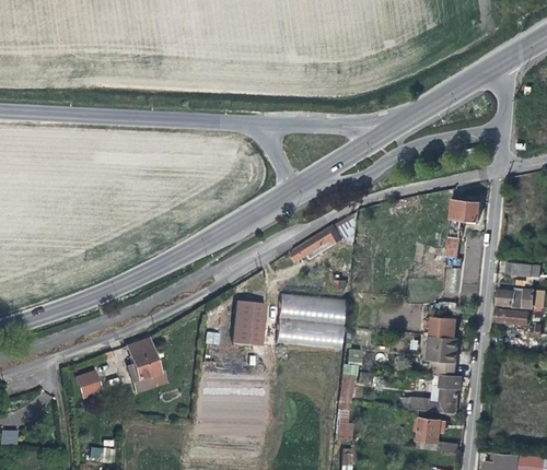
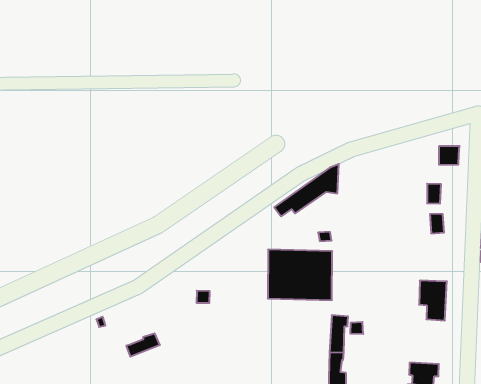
building: [231,302,264,346] -> none
building: [433,316,457,337] -> none
building: [126,340,159,381] -> none
building: [75,372,102,398] -> none
building: [409,374,461,413] -> none

